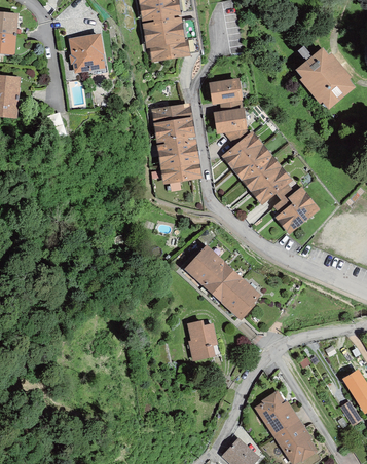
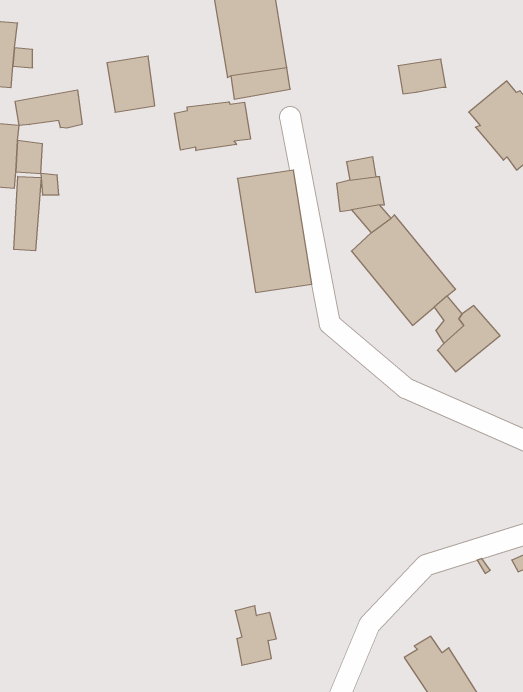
building: none -> [15,90,82,128]
building: none -> [174,102,250,151]
building: [210,80,240,102] -> [398,59,446,94]
building: none -> [14,176,41,251]
building: [186,247,257,315] -> none
building: [190,322,216,359] -> [235,606,276,665]

